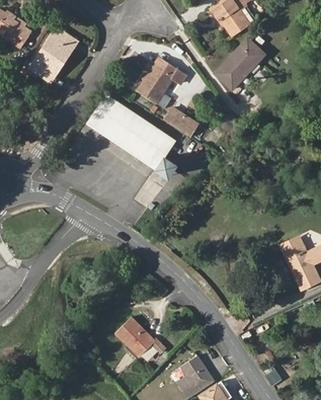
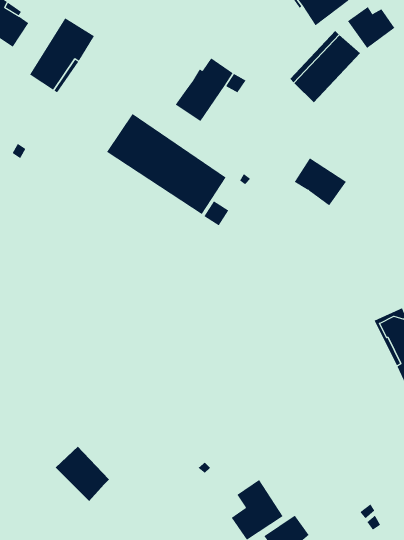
building: none -> [347,6,395,49]
building: [162,103,199,138] -> [294,158,347,206]
building: [113,317,153,356] -> [55,446,111,502]

